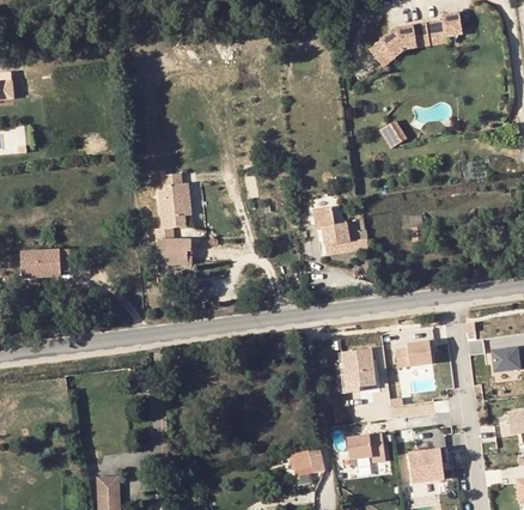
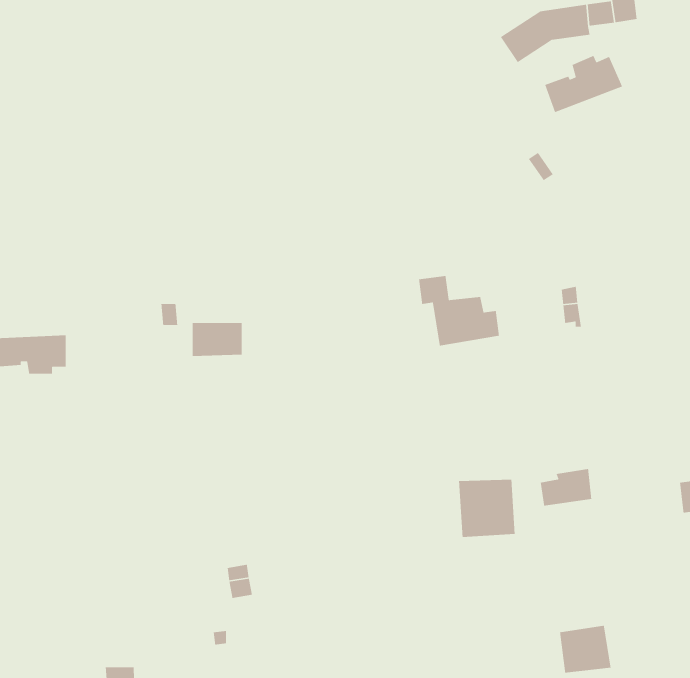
building: none -> [544,55,623,113]
building: [156,174,187,241] -> none
building: [348,433,386,462] -> none
building: [297,447,325,474] -> none

